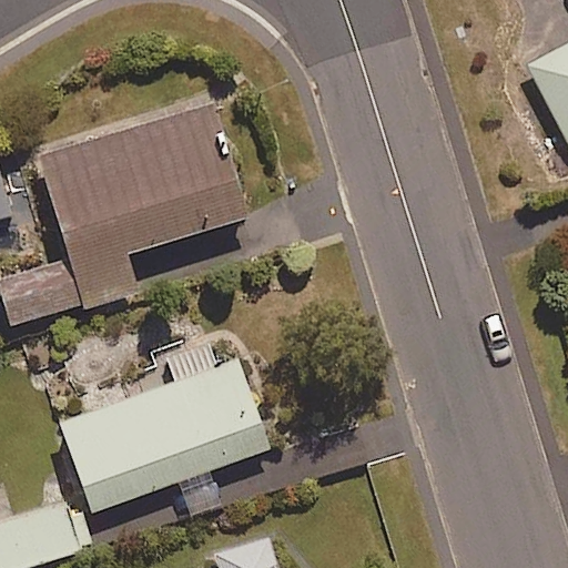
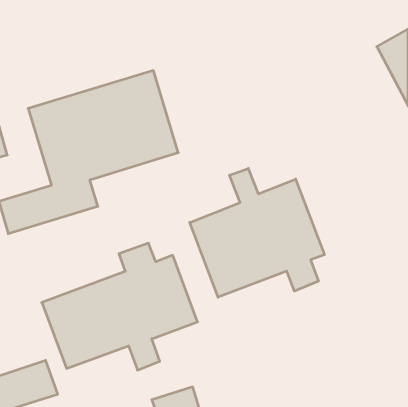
building: none -> [190,168,324,297]

